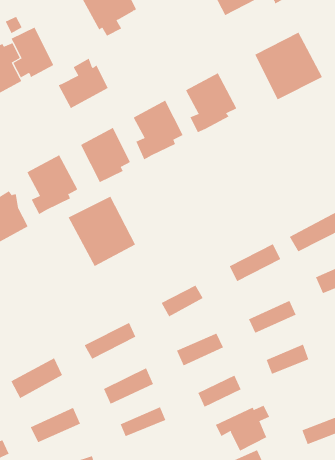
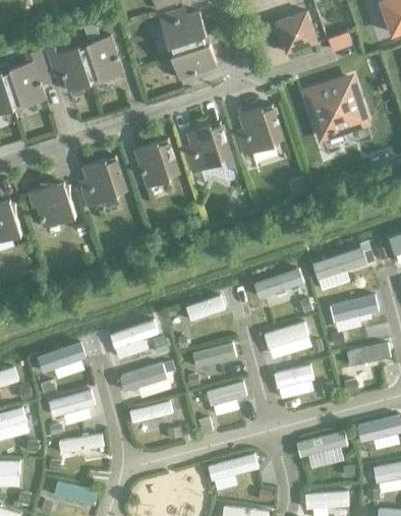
building: [58,58,108,109] -> [170,37,216,80]
building: [68,196,136,267] -> none
building: [215,405,270,452] -> none

